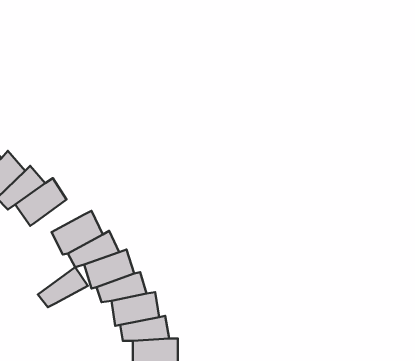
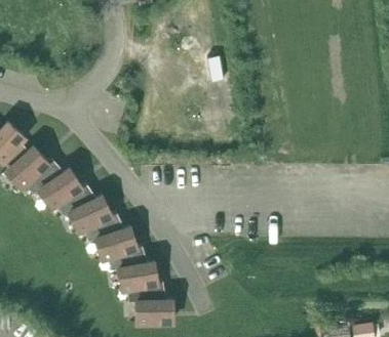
building: [38,267,88,307] -> [54,182,95,215]

